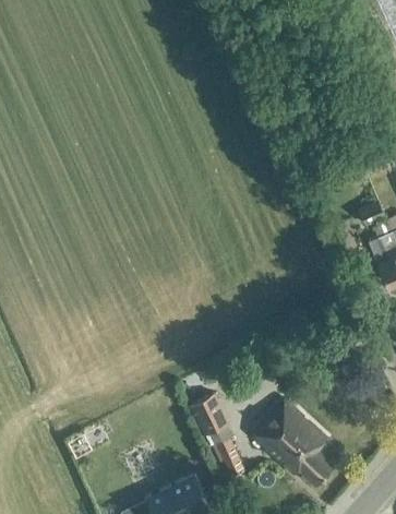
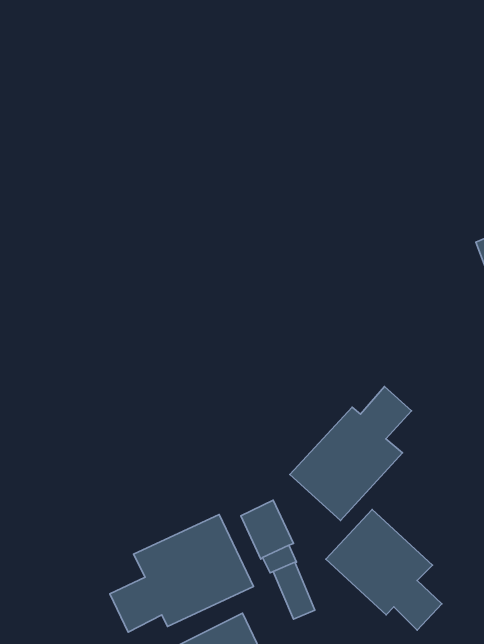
building: none -> [290,386,411,520]
building: none -> [110,514,253,632]

